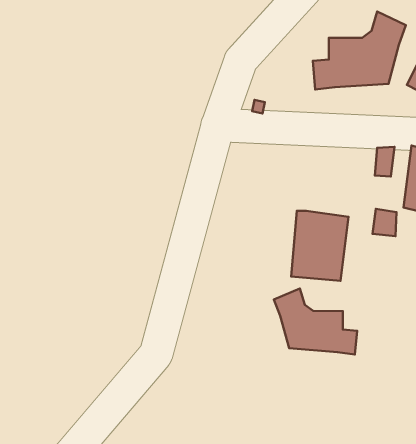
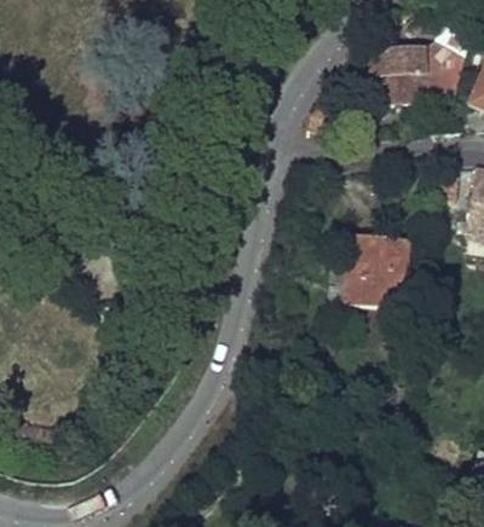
building: [274,289,357,354] -> none

